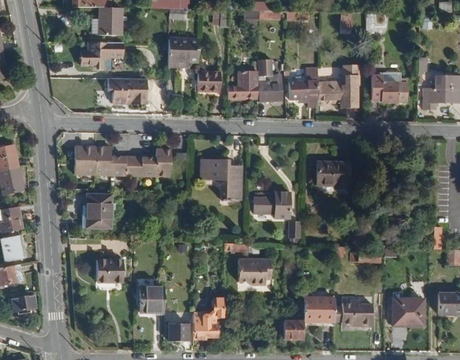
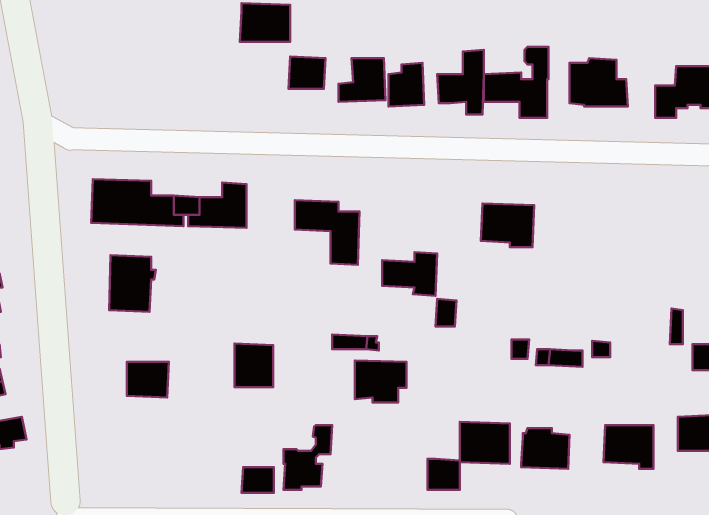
building: [81,41,124,69] -> none
building: [109,77,146,103] -> none
building: [141,285,165,312] -> [234,344,273,387]

